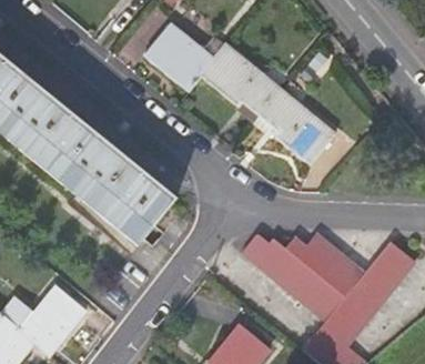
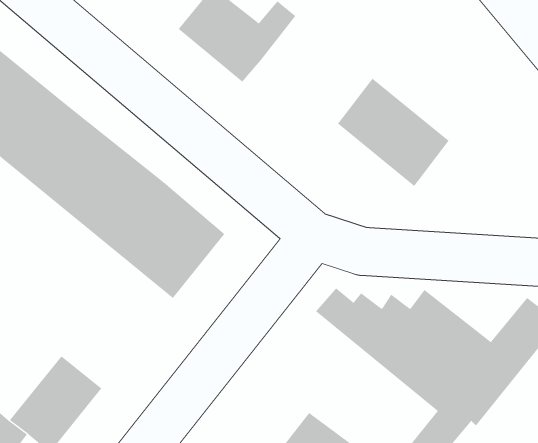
building: [203,44,281,120] -> none

